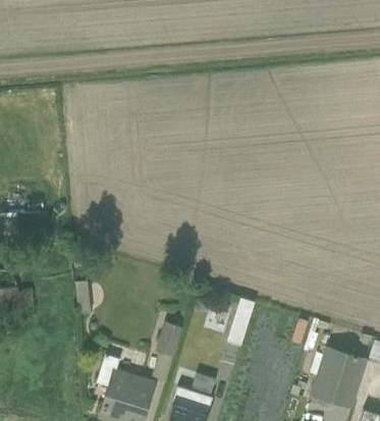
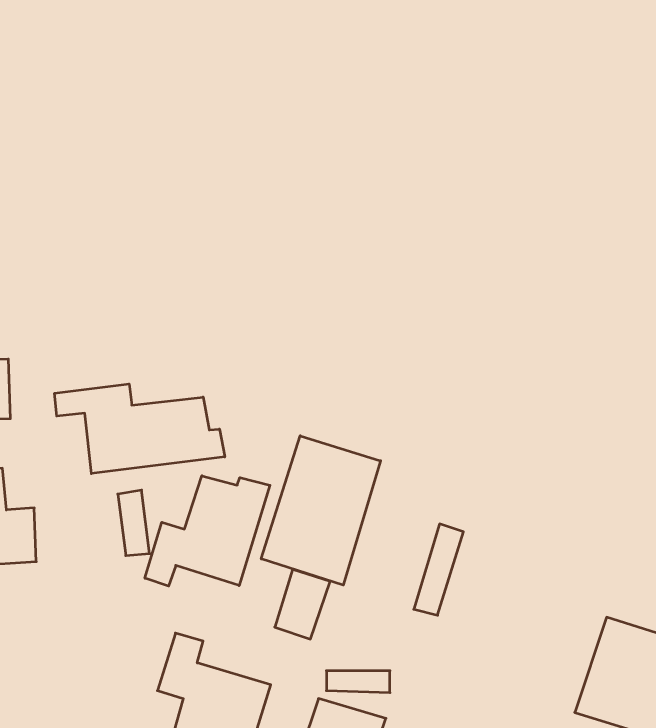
building: none -> [55,384,225,474]
building: none -> [261,436,381,585]
building: none -> [145,476,270,586]

